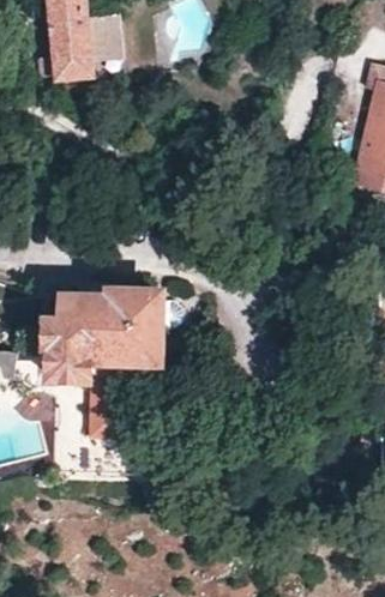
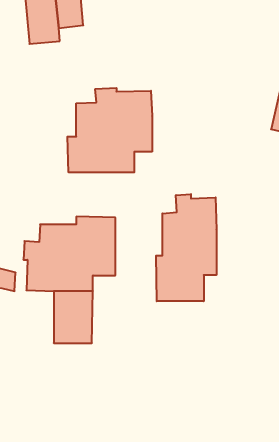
building: none -> [67,88,152,172]
building: none -> [156,194,216,301]

